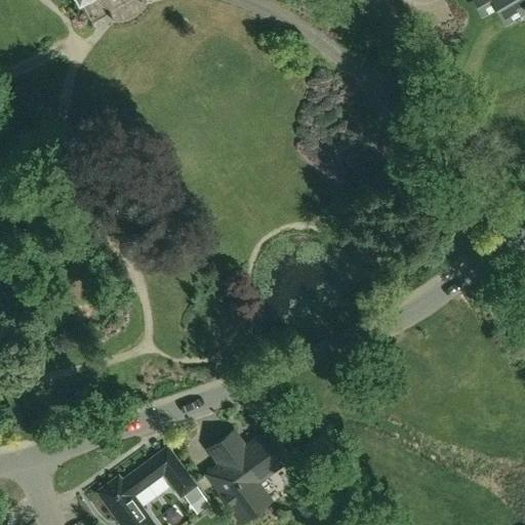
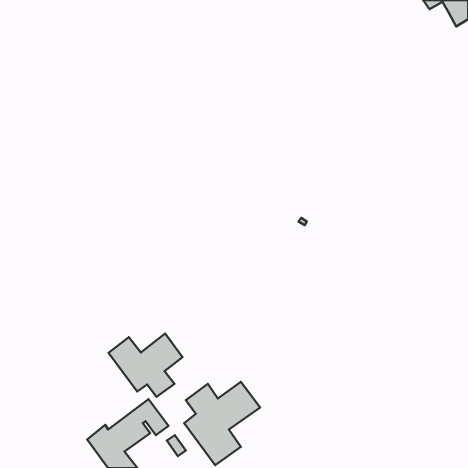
building: none -> [109,333,183,397]

